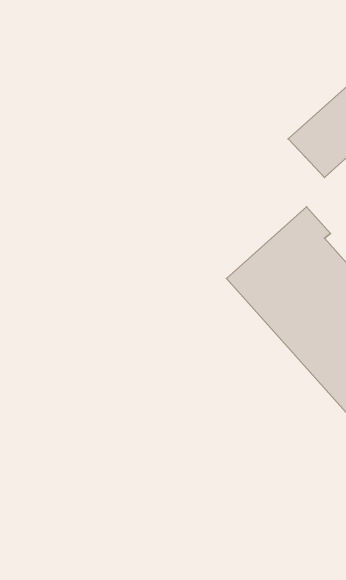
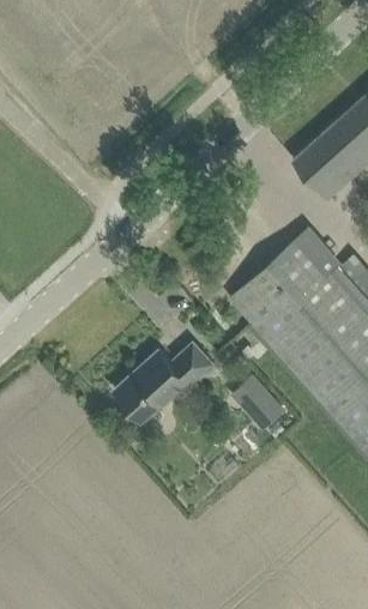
building: none -> [115,344,212,422]
building: none -> [231,375,285,432]

